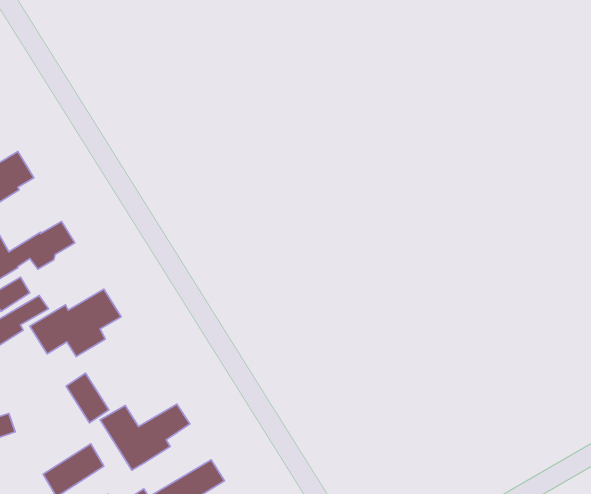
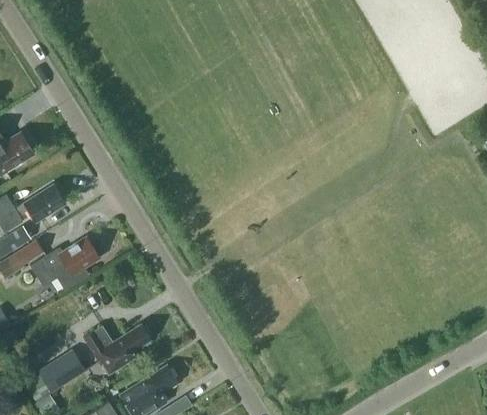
building: [66,373,109,423] -> none

